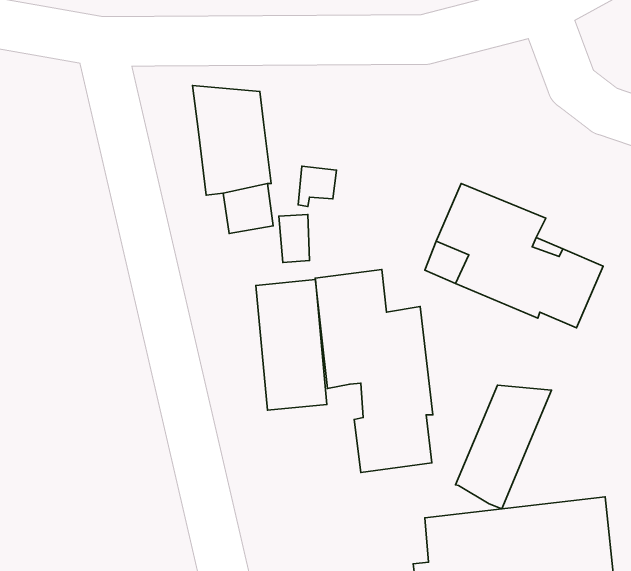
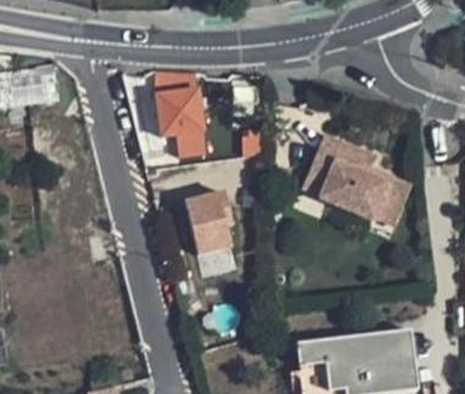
building: [315,269,433,472] -> none
building: [455,385,552,509] -> none

